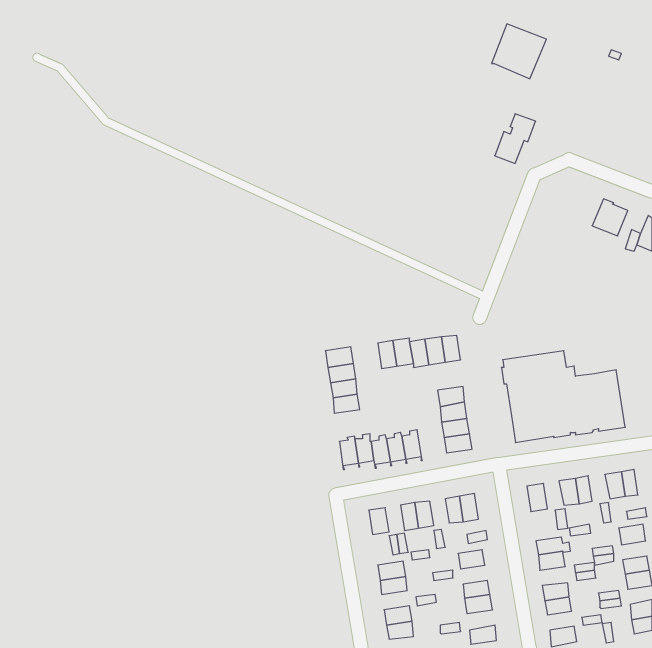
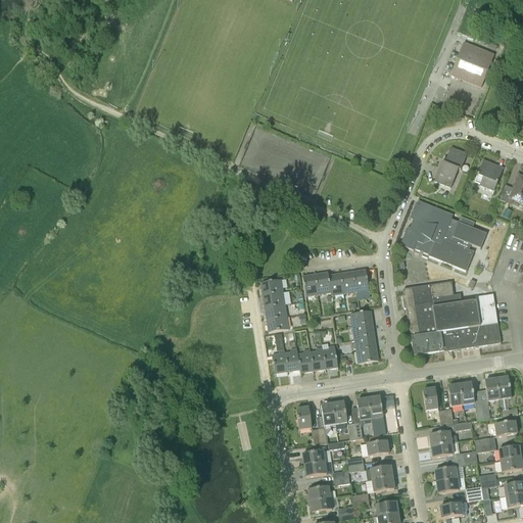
building: [492,24,546,79] -> [450,42,494,86]
building: [495,114,536,163] -> [434,146,467,186]
building: none -> [399,199,486,270]

